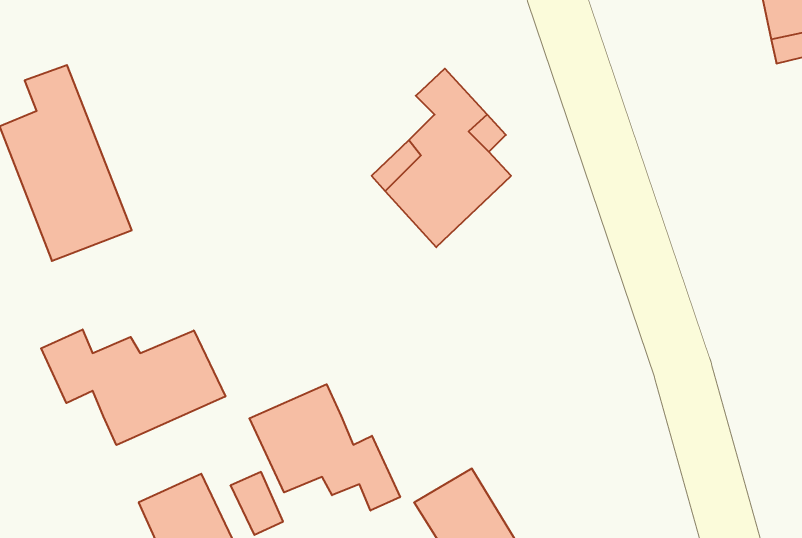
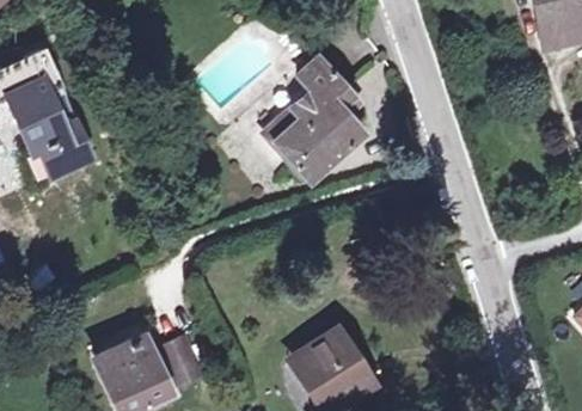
building: [41,329,225,445] -> none
building: [249,384,400,511] -> none

